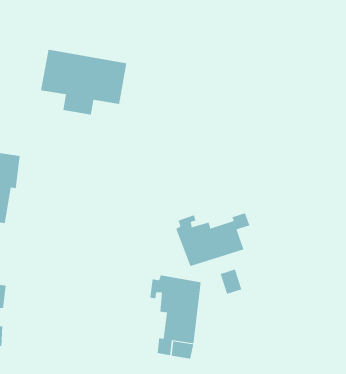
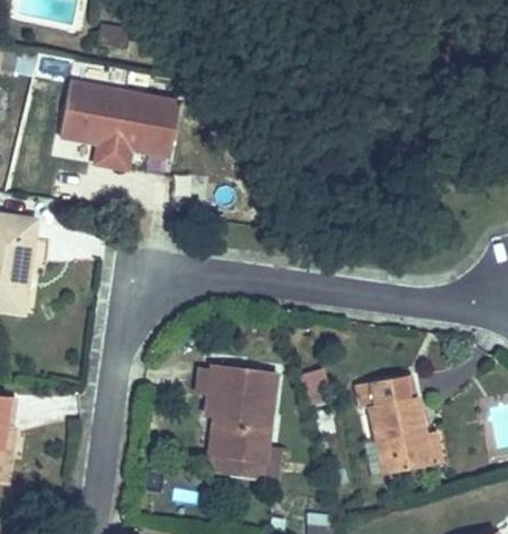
building: [176,213,250,267] -> none
building: none -> [353,387,426,483]

